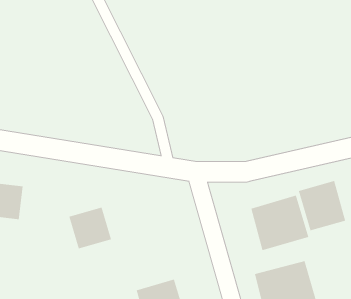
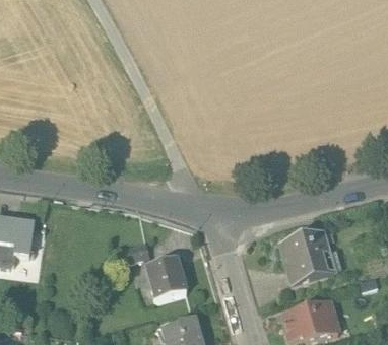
building: [298,180,346,231] -> none
building: [69,207,112,249] -> [143,254,189,298]

